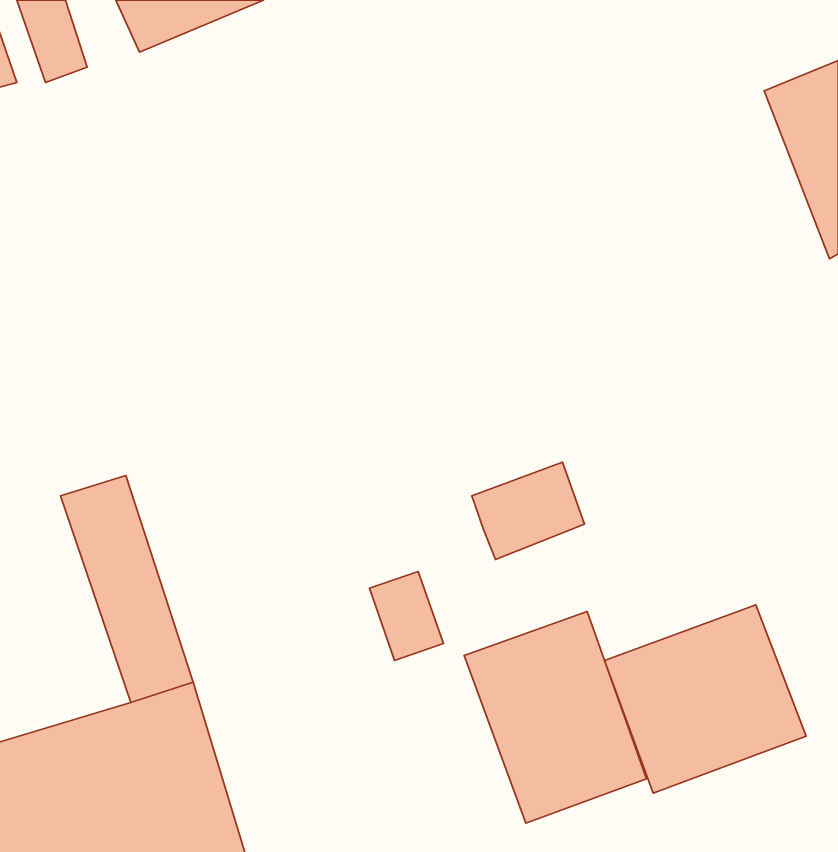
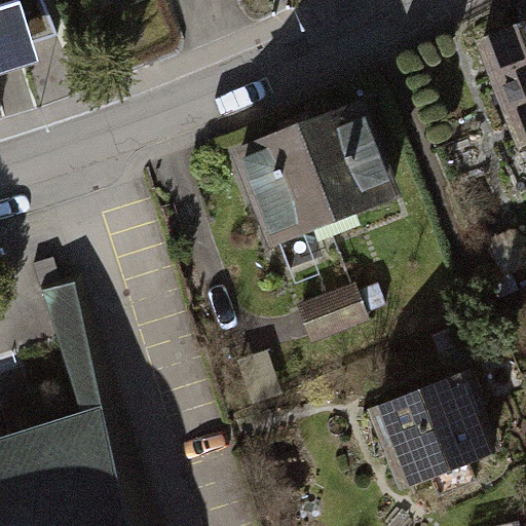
building: none -> [236,101,389,241]
building: [464,612,647,823] -> none

